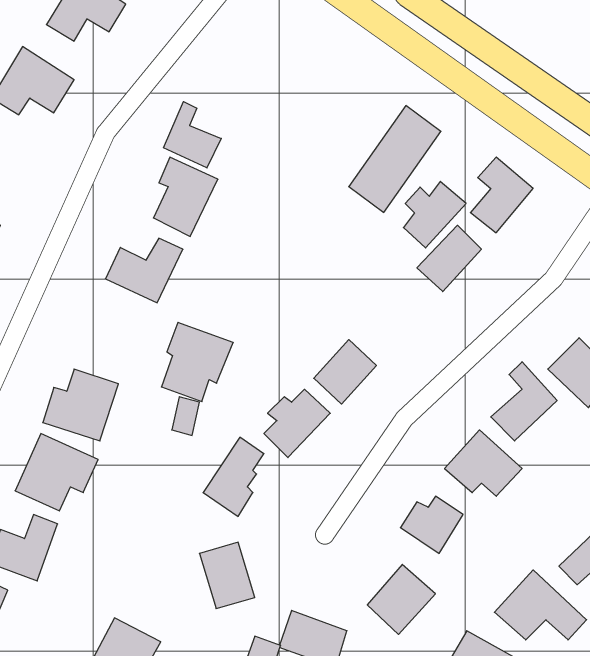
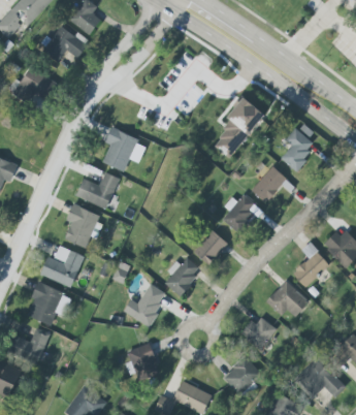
building: [163,102,221,168] -> none
building: [403,181,466,248] -> [223,193,258,230]
building: [161,322,233,402] -> [64,203,104,248]

